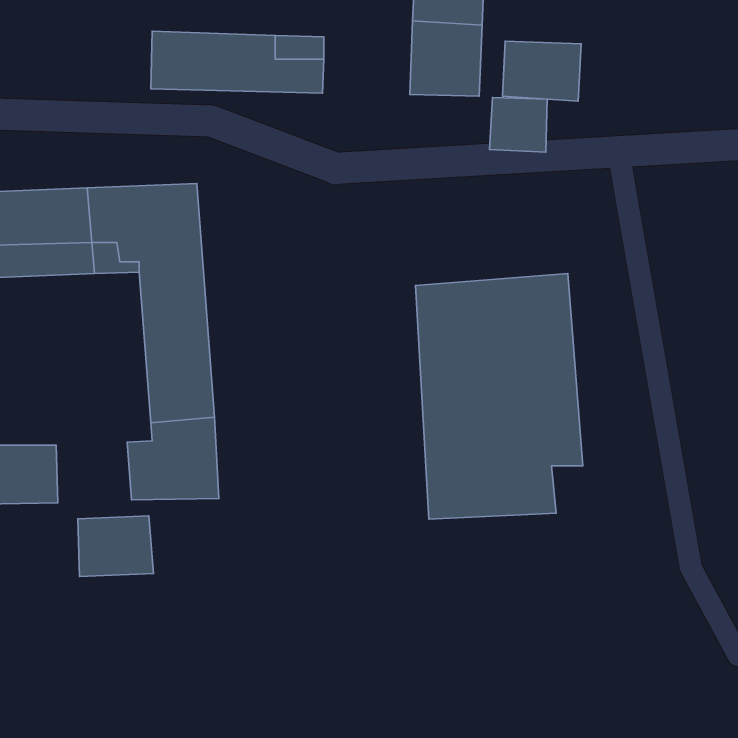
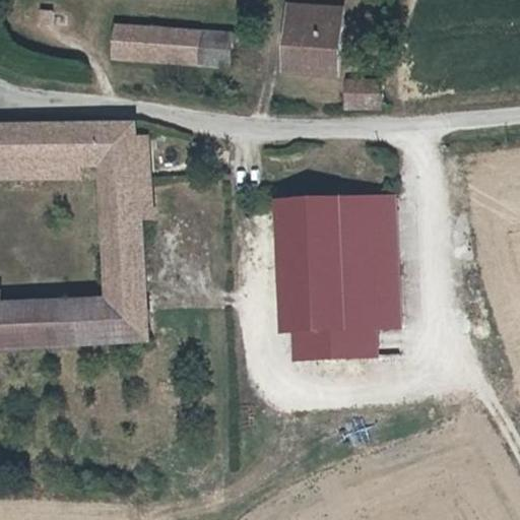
building: [502,41,581,101] -> none
building: [78,516,153,576] -> [39,304,90,345]

